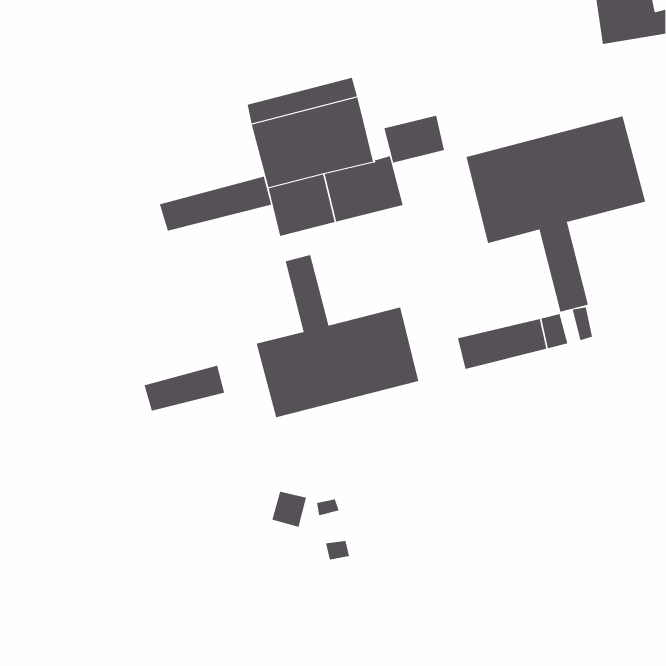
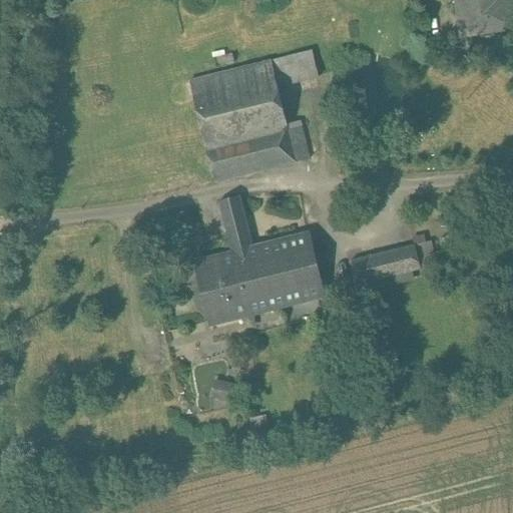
building: [383,115,445,163] -> [271,49,318,86]
building: [466,116,646,313] -> none
building: [159,176,272,231] -> none
building: [144,365,225,411] -> none

